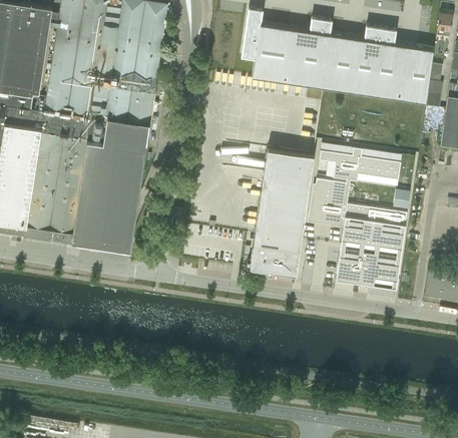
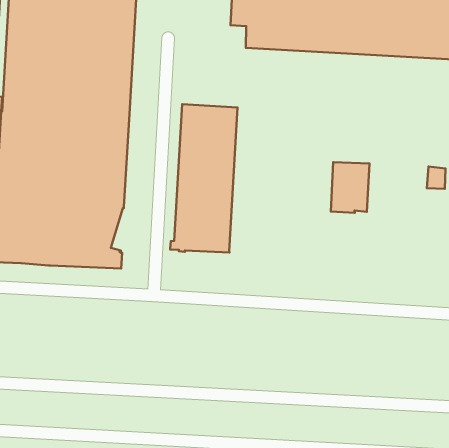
building: [317,144,402,188] -> none
building: [247,148,314,276] -> [170,104,238,252]
building: [336,204,407,290] -> none

